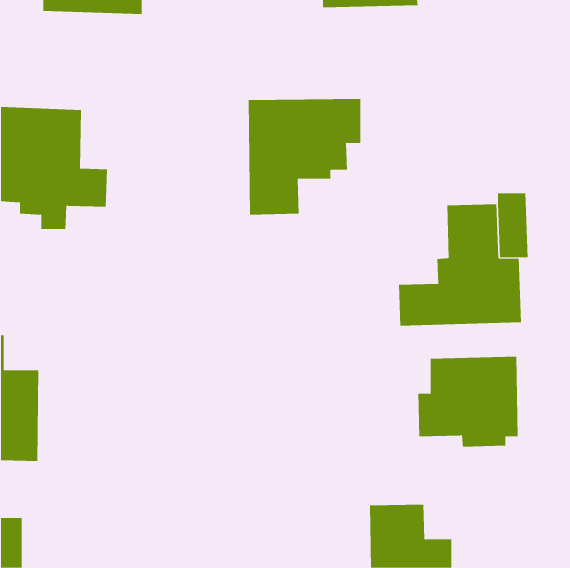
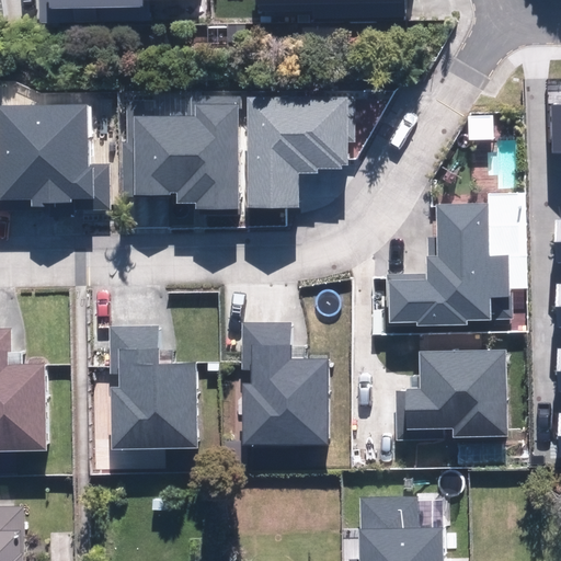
building: none -> [122,96,242,210]
building: none -> [237,322,327,444]
building: none -> [103,327,193,451]

